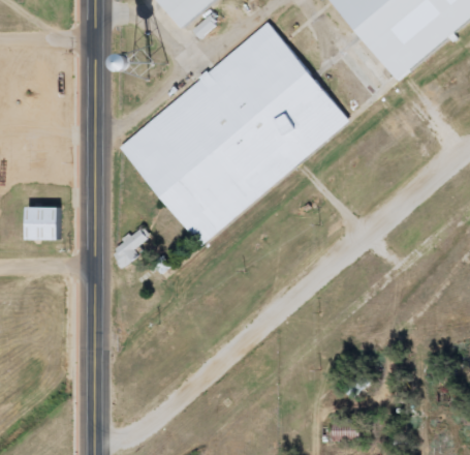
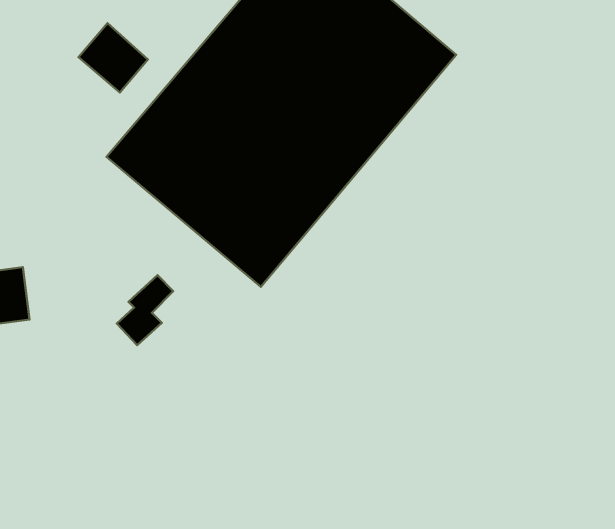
building: none -> [78,23,148,93]

